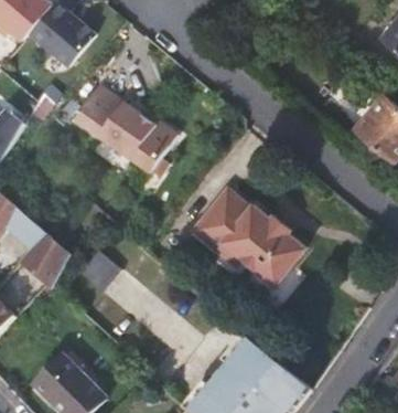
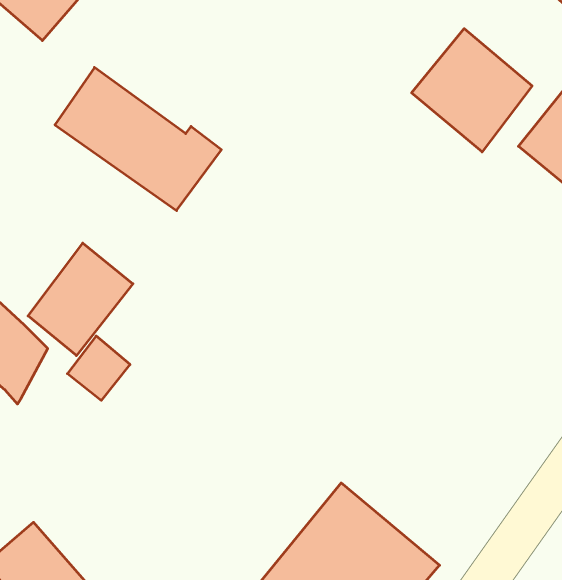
building: none -> [412,29,532,152]
building: [190,187,304,284] -> none
building: none -> [28,243,133,356]

